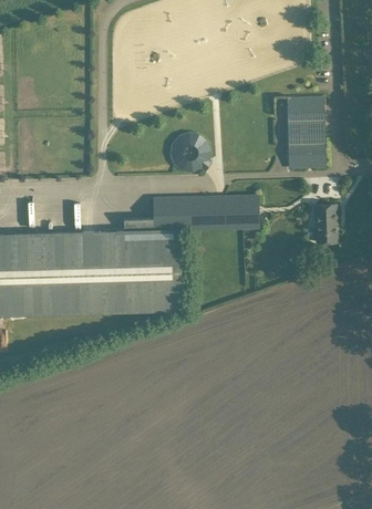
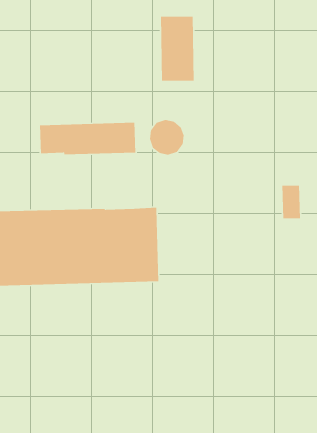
building: [287,97,324,169] -> [160,16,195,82]
building: [153,195,259,231] -> [39,122,136,155]

